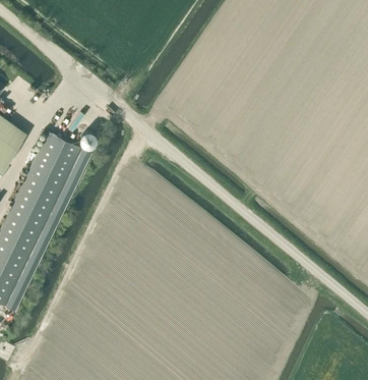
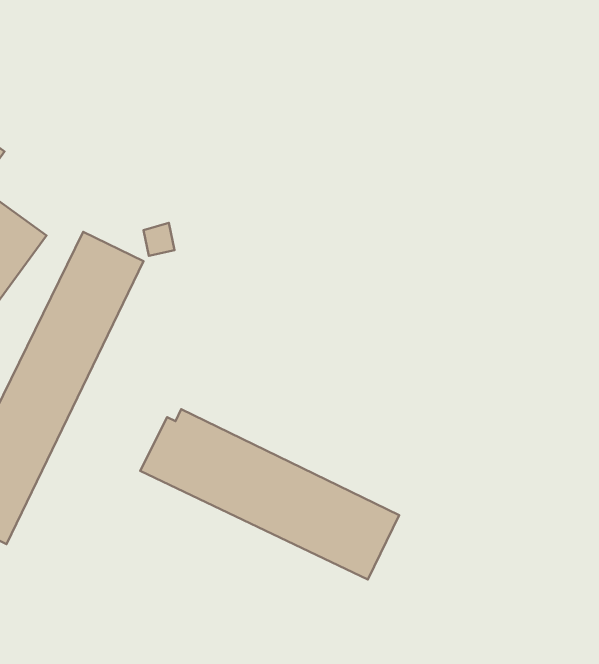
building: none -> [140,409,399,579]

